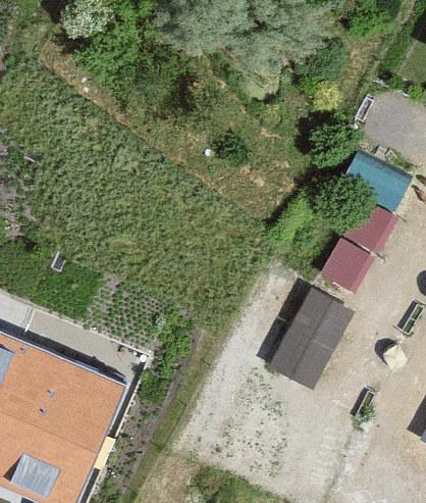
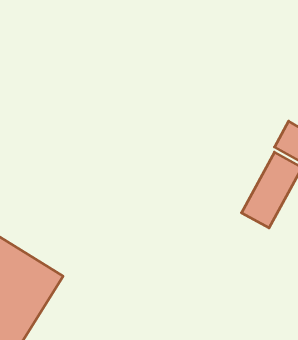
building: [272,289,354,387] -> none

